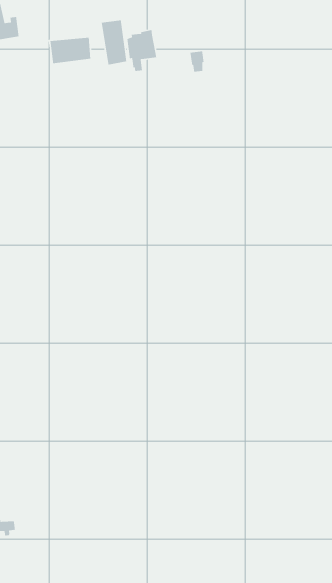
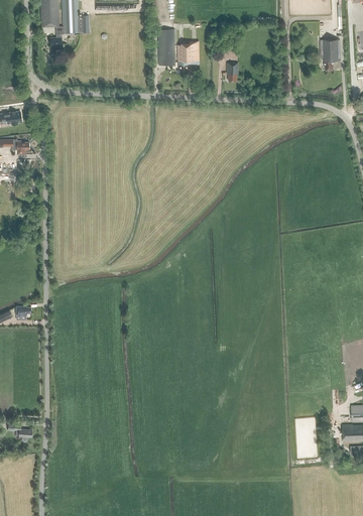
building: none -> [320,39,340,70]
building: [50,37,91,64] -> none

